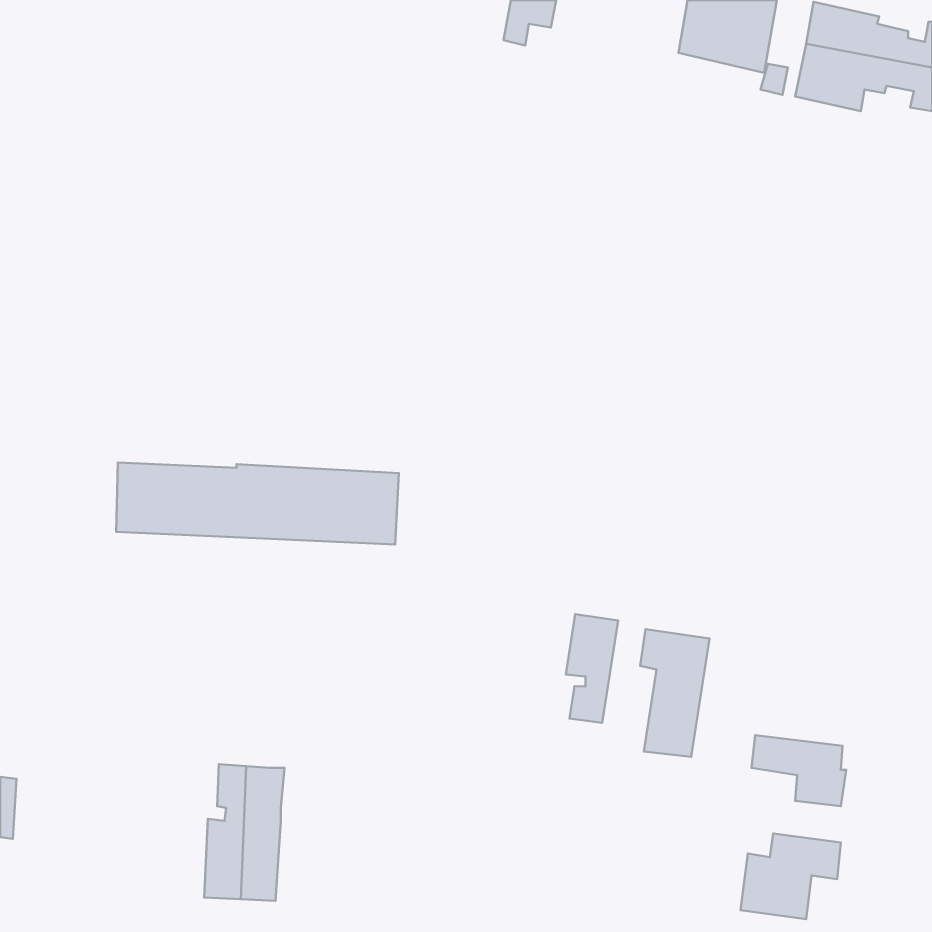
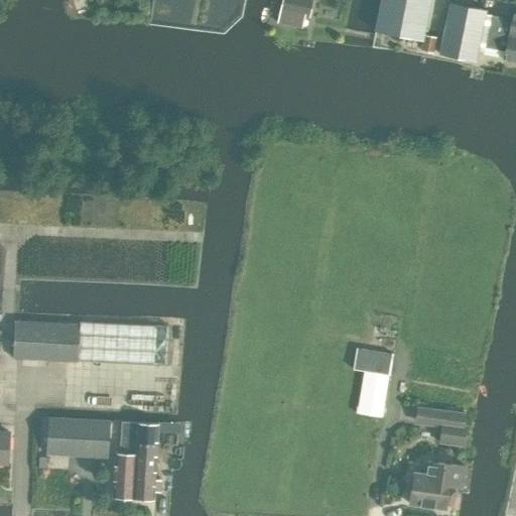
building: [116,462,399,544] -> [12,320,168,366]
building: [566,614,618,723] -> none
building: none -> [46,418,108,457]

